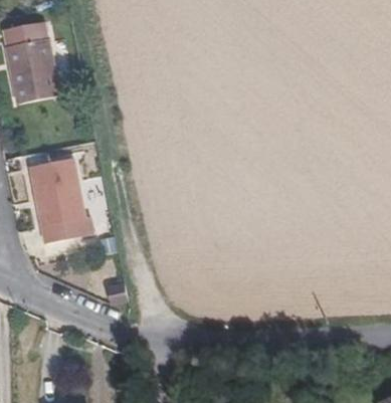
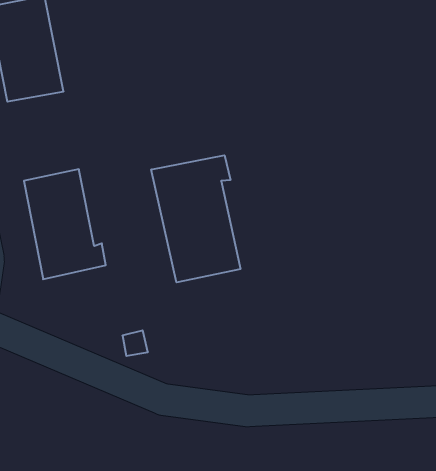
building: none -> [151,155,240,282]

